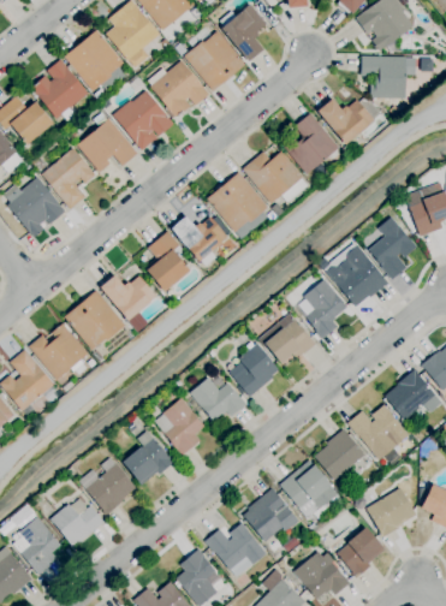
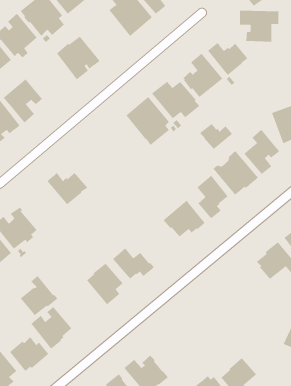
building: [149,60,210,118] -> none
building: [78,113,138,172] -> none
building: none -> [199,123,233,150]
building: [172,215,228,266] -> none
building: [147,231,190,291] -> none
building: [65,290,126,350] -> none
building: [231,343,279,397] -> none
building: [347,404,409,461] -> none
building: [315,429,365,480] -> none
building: [123,430,174,486] -> [20,275,58,316]
building: [280,461,345,516] -> none
building: [244,488,299,542] -> none
building: [367,488,417,536] -> none

